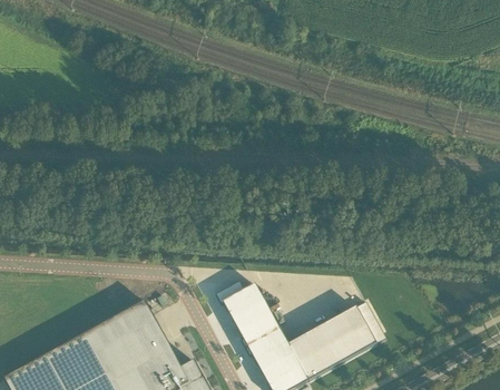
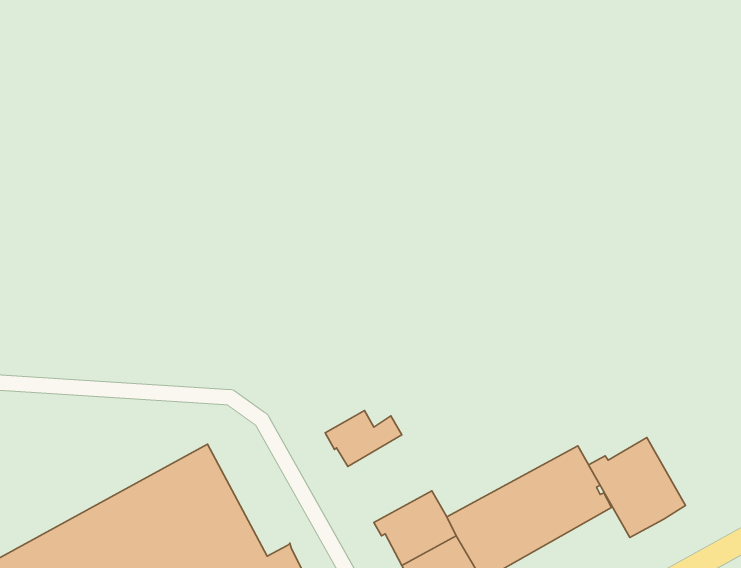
building: [229,292,280,344] -> none
building: none -> [589,437,685,538]

